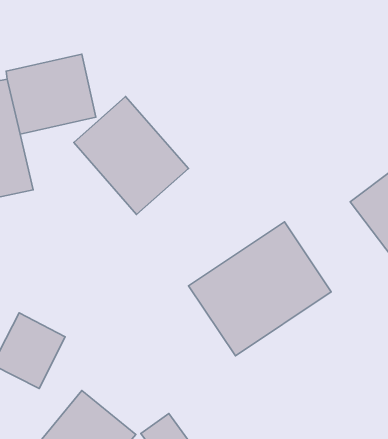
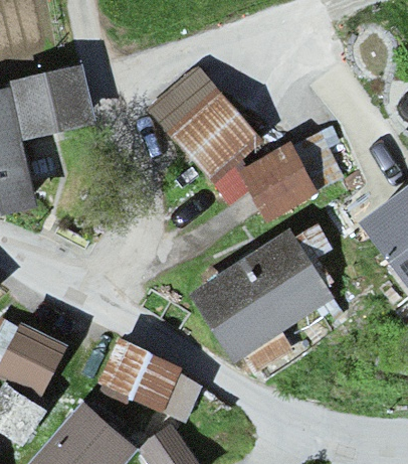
building: [74,97,188,214] -> [142,62,257,181]
building: none -> [241,145,322,224]
building: none -> [95,338,204,425]

